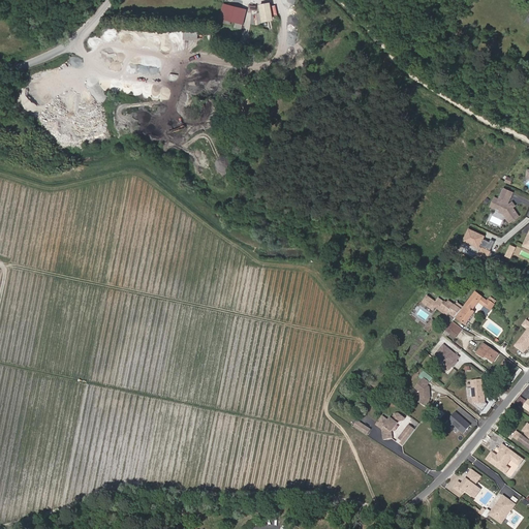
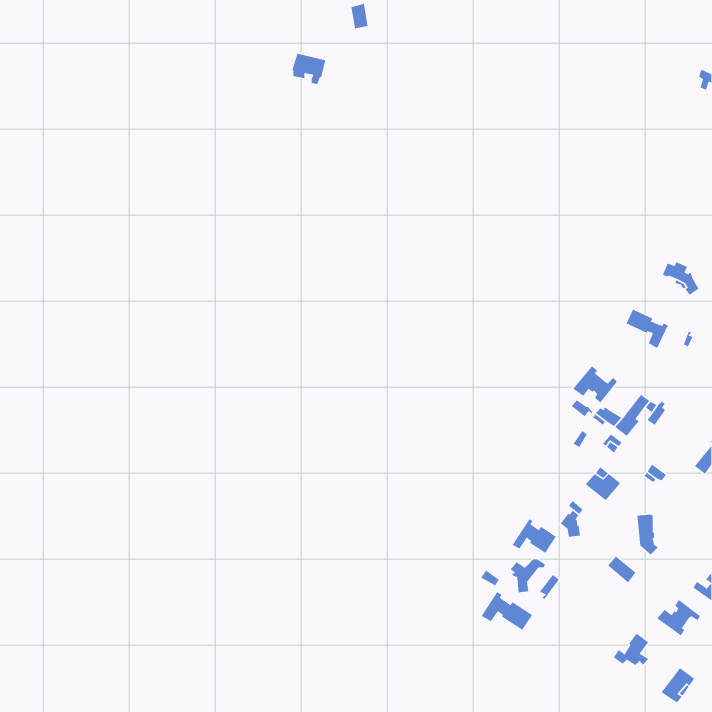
building: [220,4,246,28] -> [291,53,326,85]
building: none -> [572,365,618,404]
building: none -> [511,518,557,554]
building: none -> [481,591,533,631]

